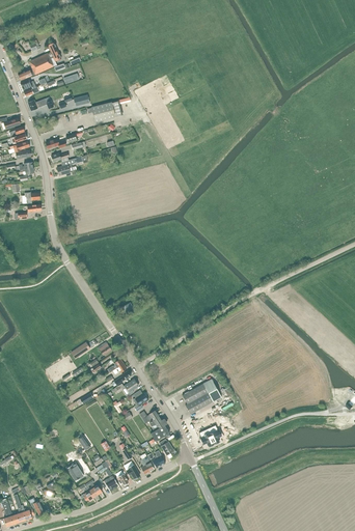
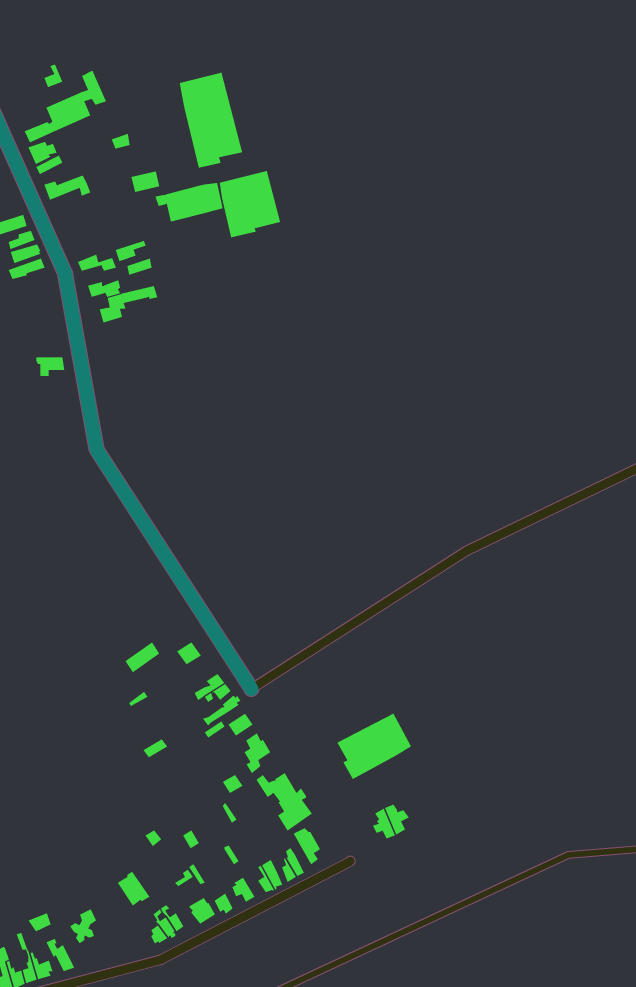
building: none -> [179,72,243,169]
building: none -> [219,170,281,238]

